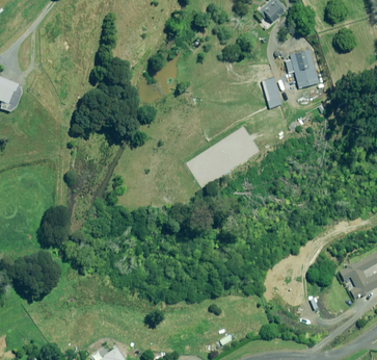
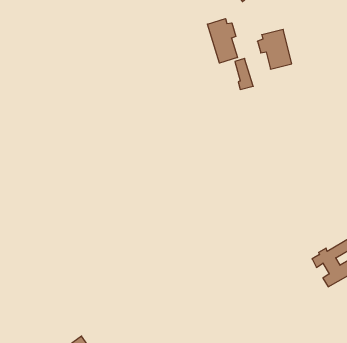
building: none -> [207,19,237,63]

